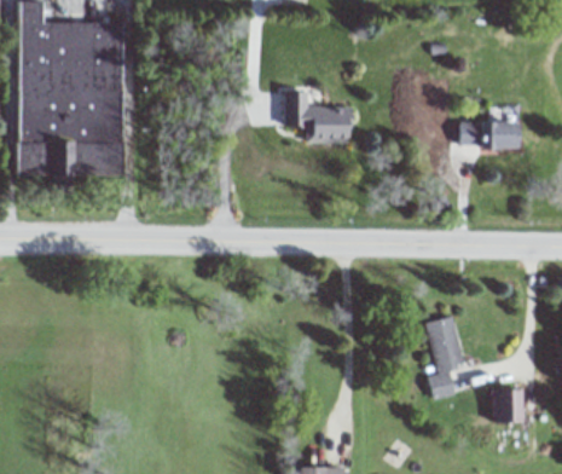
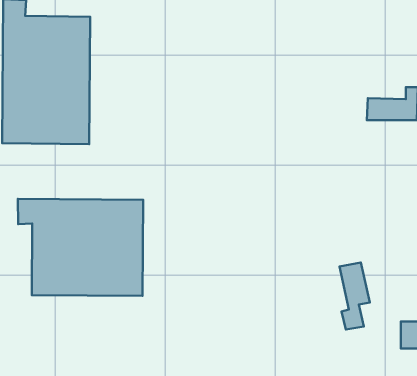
building: [292,91,352,141] -> none
building: none -> [18,199,143,296]

